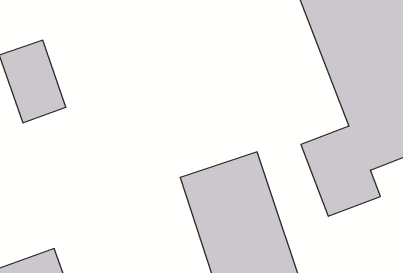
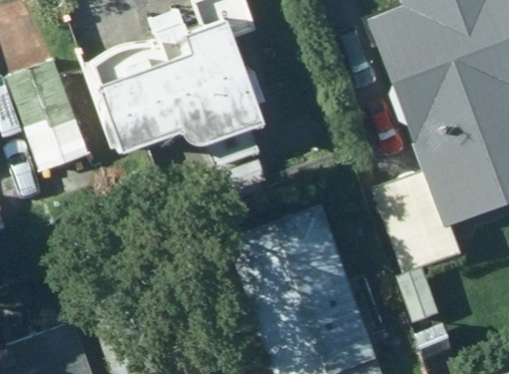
building: none -> [103,30,244,150]

